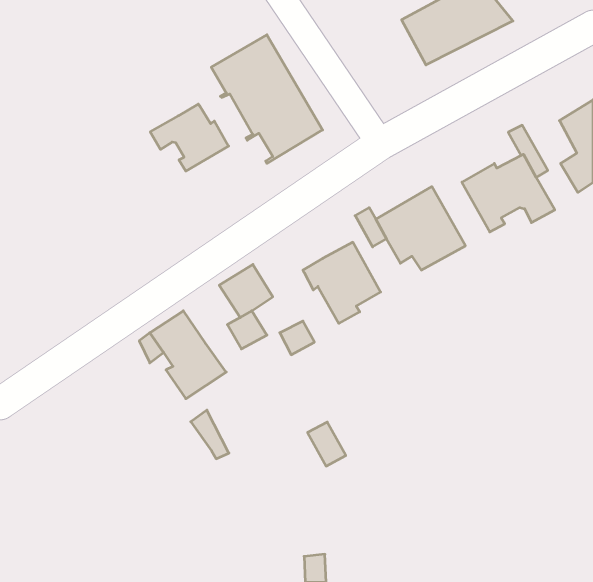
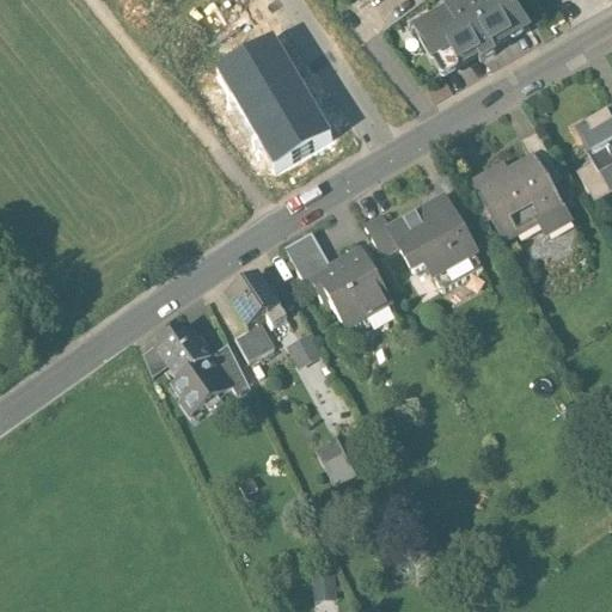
building: [150,104,229,171] -> none
building: none -> [286,231,332,284]
building: [191,410,229,459] -> [212,342,251,392]

